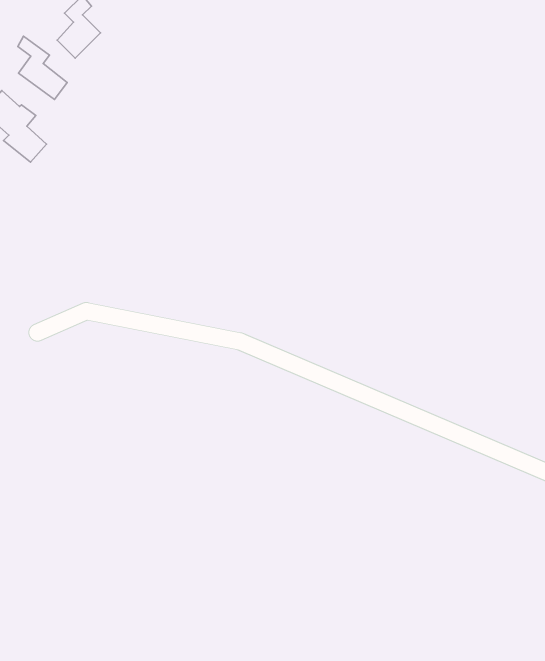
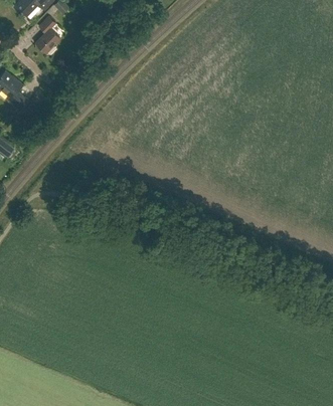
building: [18,36,67,100] -> none

